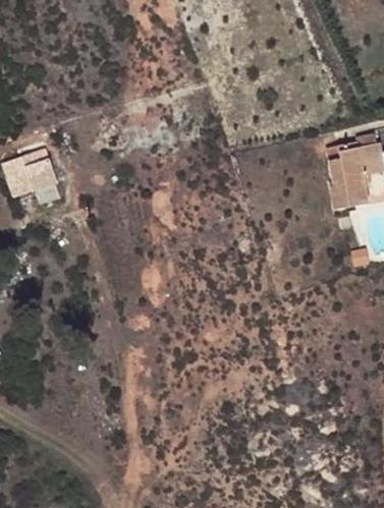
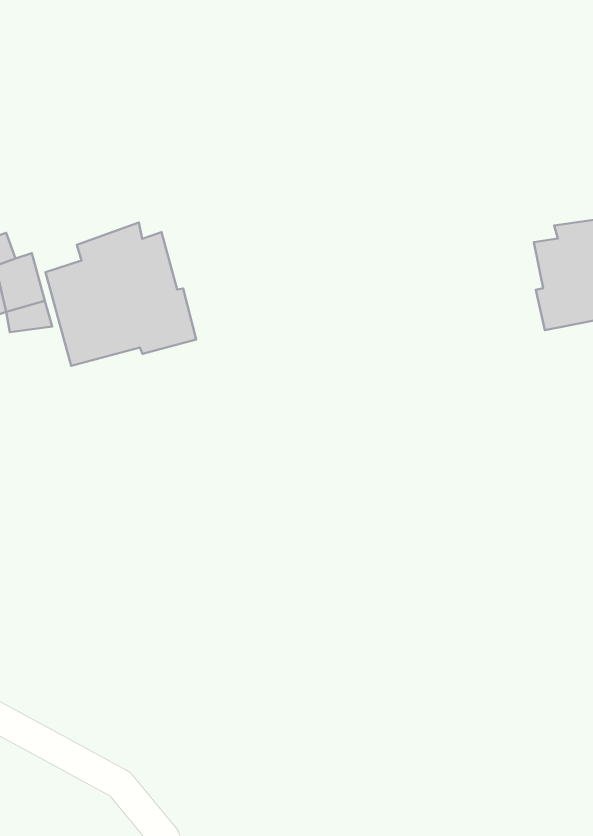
building: none -> [46,222,196,366]

